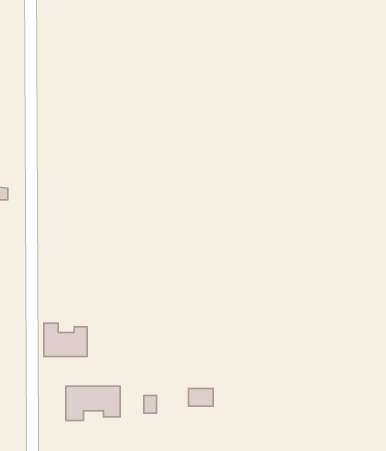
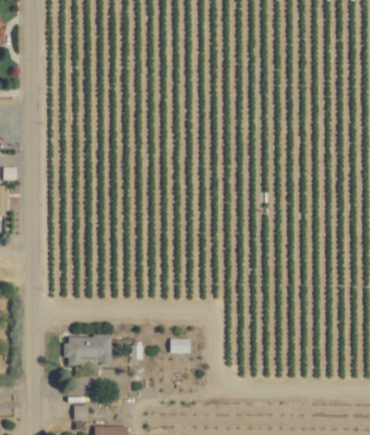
building: [44,323,87,356] -> none

